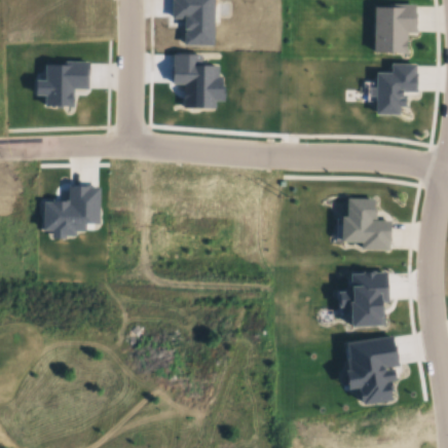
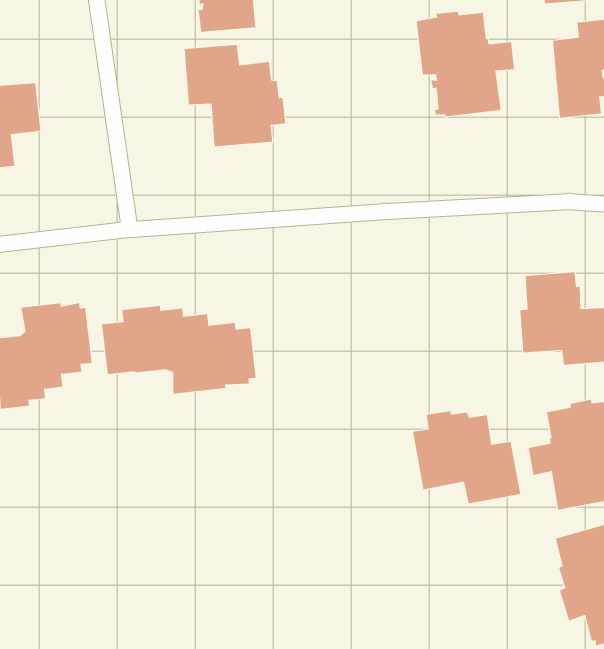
building: none -> [416,11,515,117]
building: none -> [102,305,256,395]
building: none -> [413,410,521,504]

